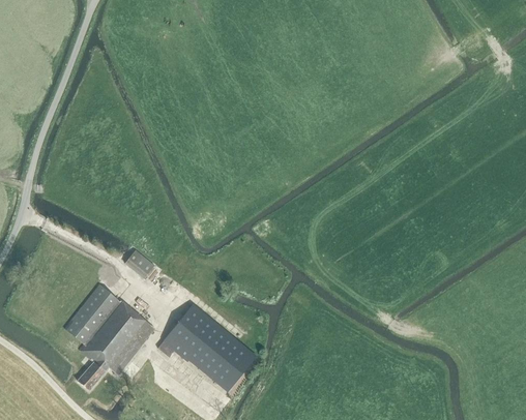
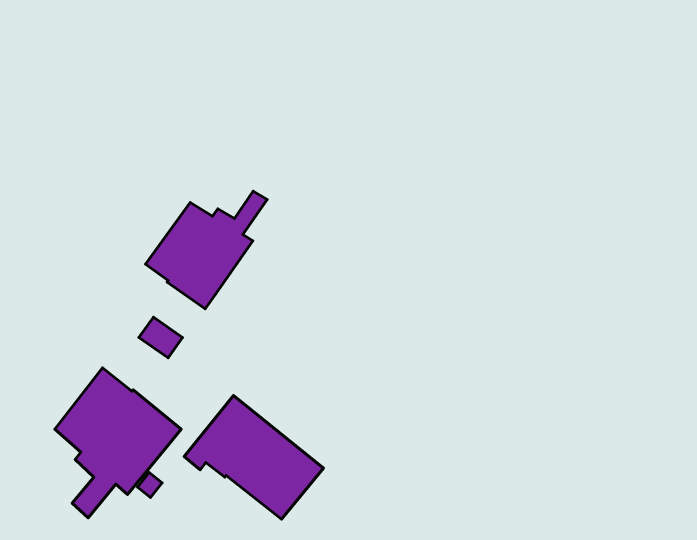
building: none -> [145,191,267,309]

